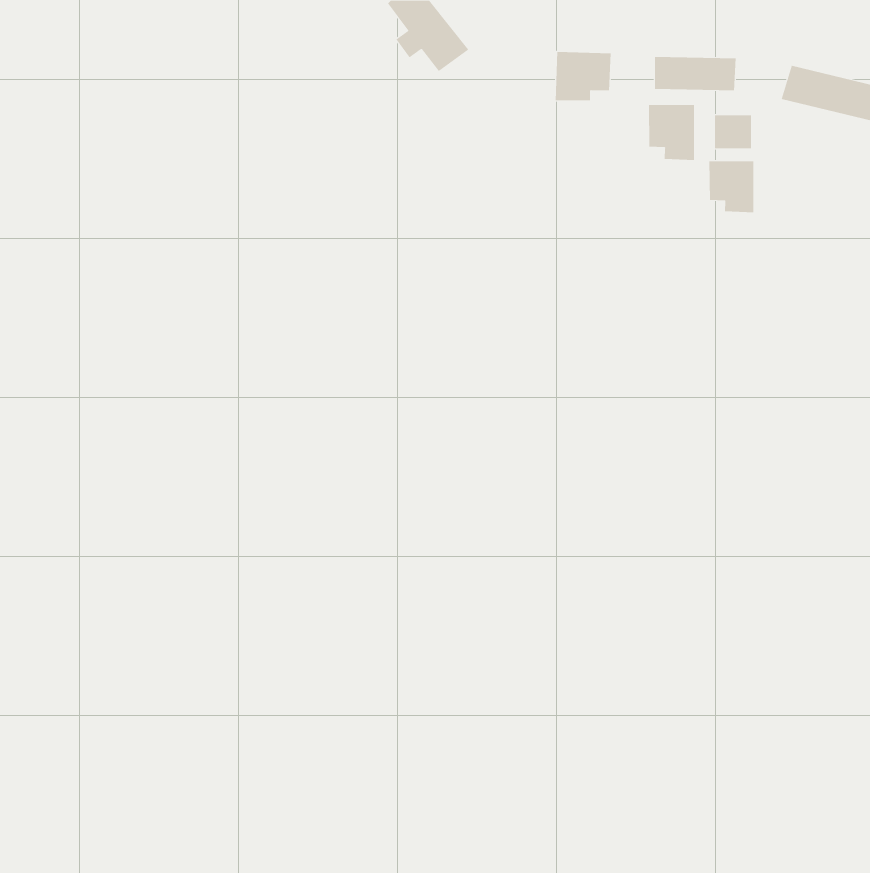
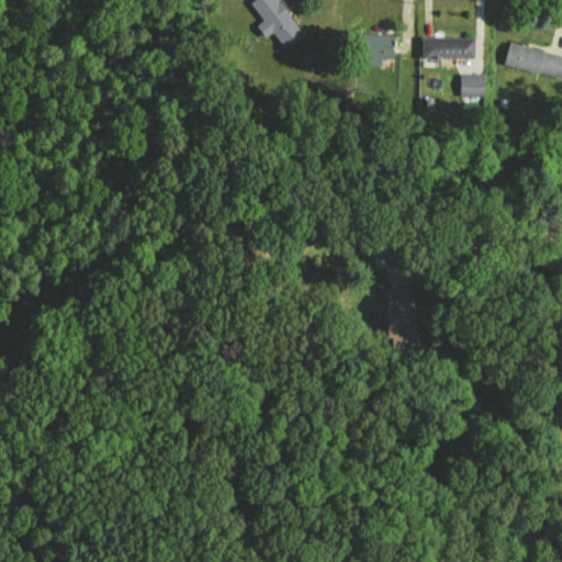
building: [648,104,694,161] -> none
building: [709,160,754,213] -> none

